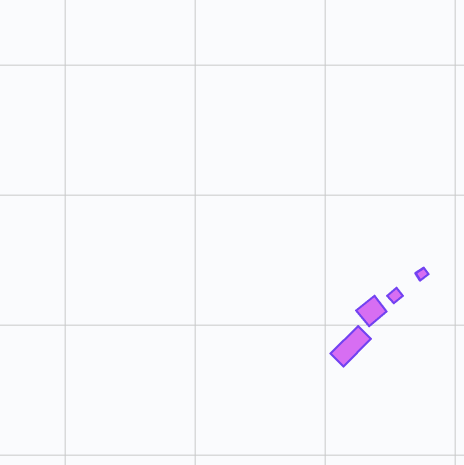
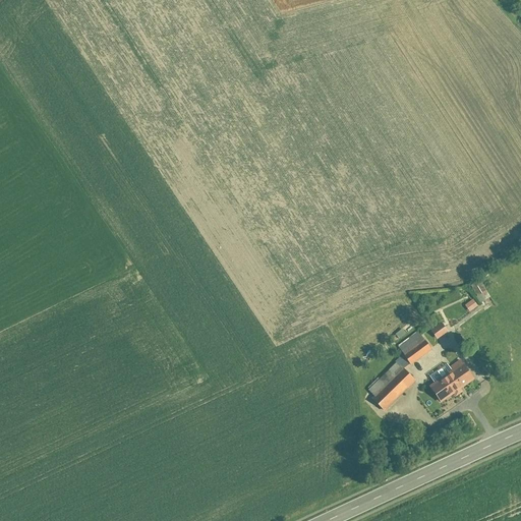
building: none -> [429,360,475,400]

